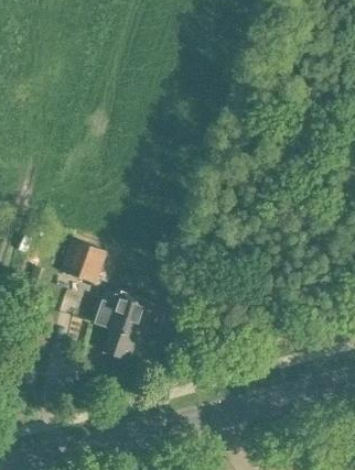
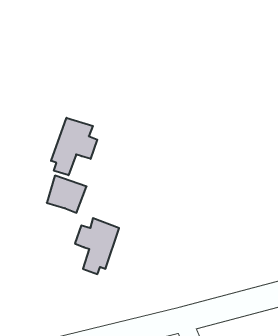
building: none -> [51,118,97,175]

